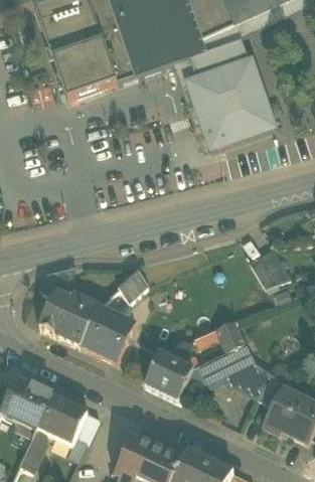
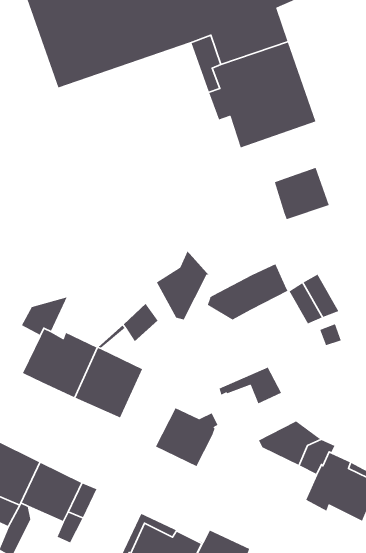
building: none -> [274,167,330,220]
building: none -> [156,250,210,320]
building: [190,340,255,385] -> [207,263,288,321]

